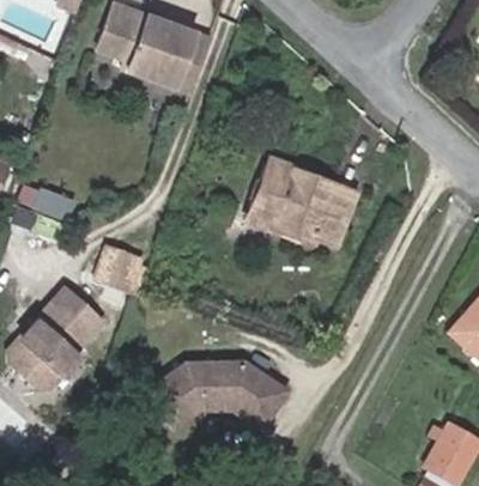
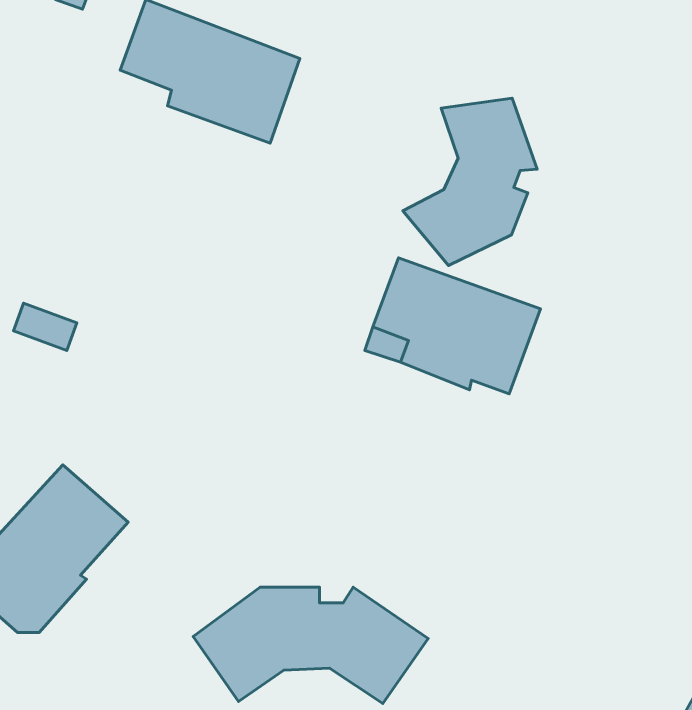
building: none -> [403,98,537,266]
building: [95,245,146,293] -> none

